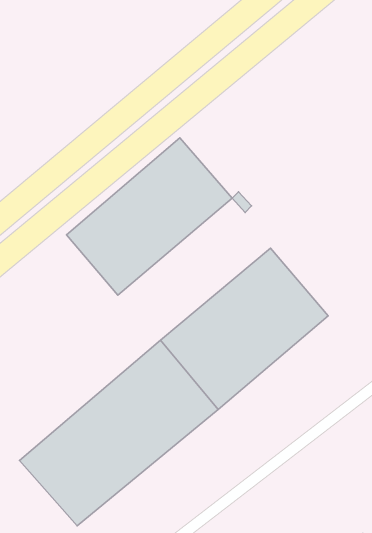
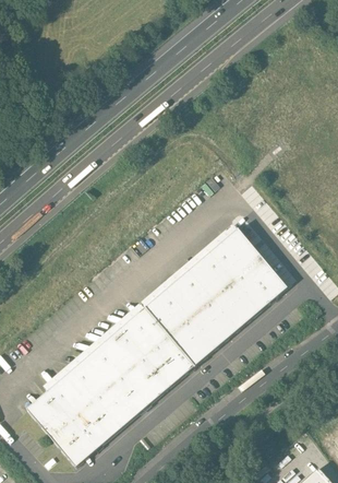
building: [67,138,232,295] -> none

